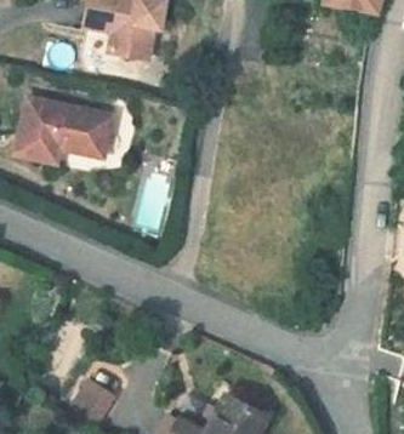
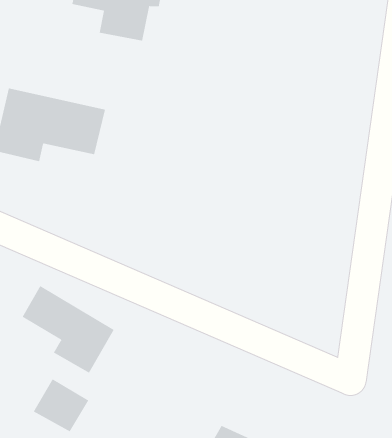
building: none -> [22,285,115,374]

